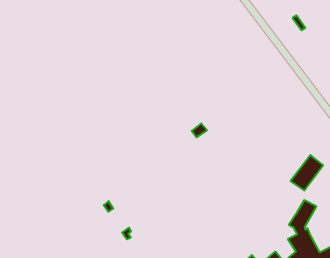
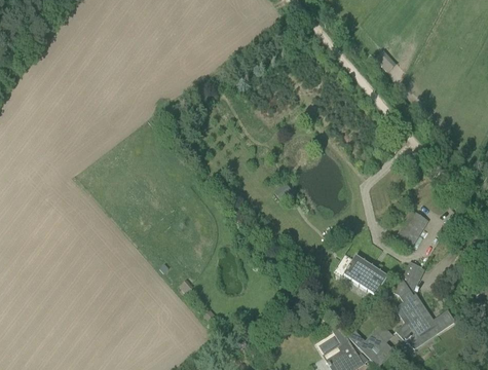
building: none -> [343,255,389,295]

